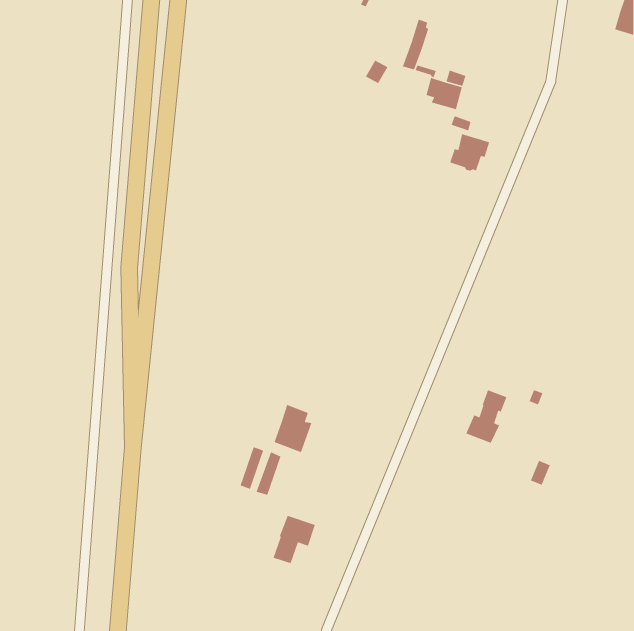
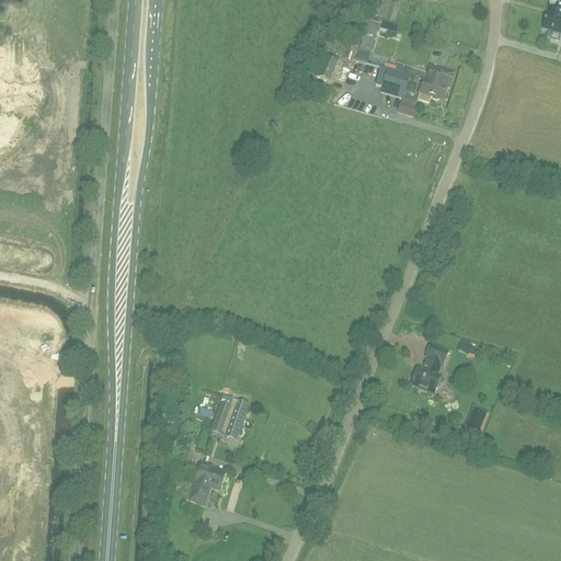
building: [449,133,490,172] -> [419,65,455,99]
building: [274,404,313,453] -> none
building: [272,515,316,564] -> [187,461,226,505]

